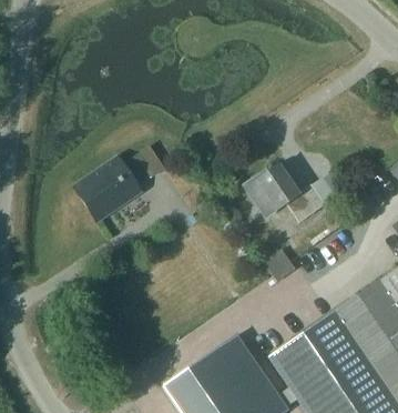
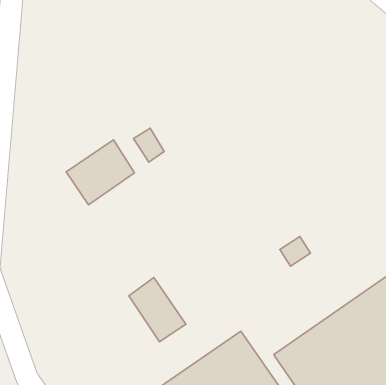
building: [244,163,325,220] -> none
building: none -> [129,278,186,342]

